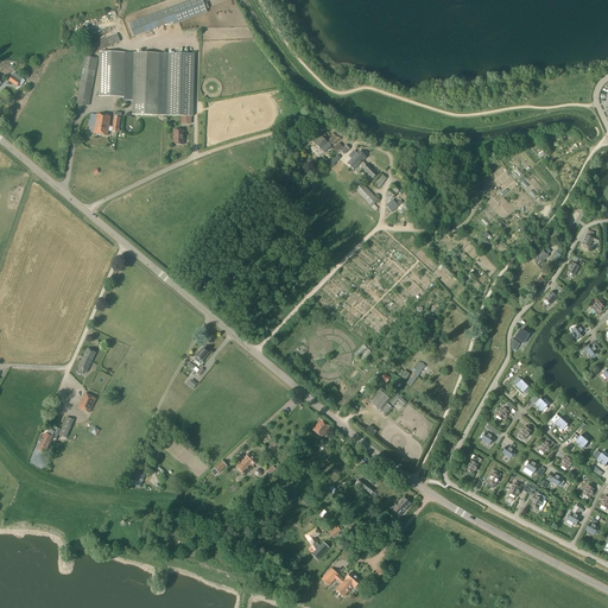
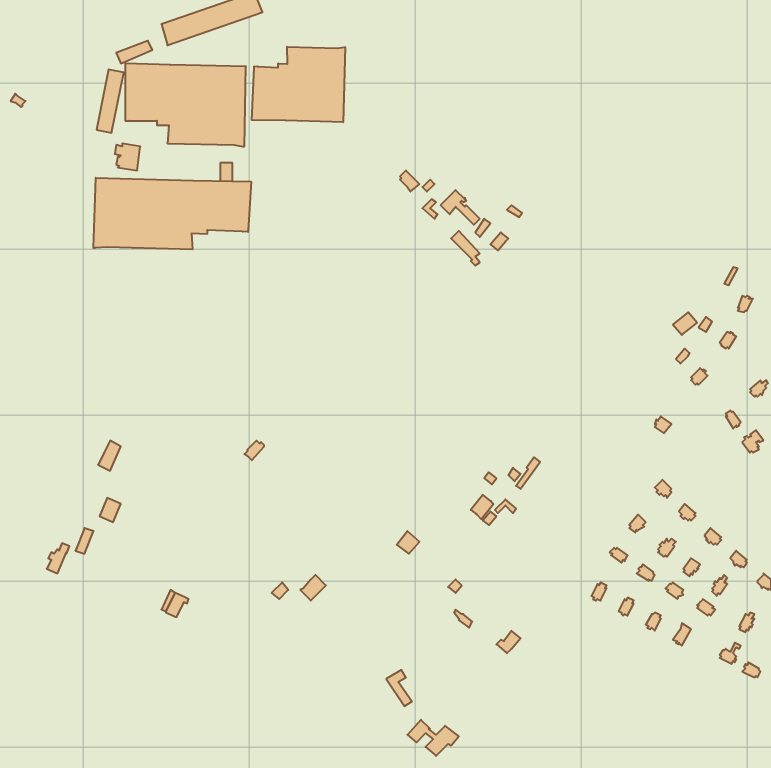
building: none -> [252,47,345,122]
building: none -> [93,178,251,249]

